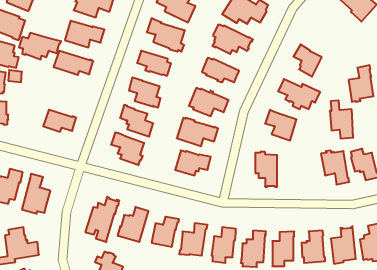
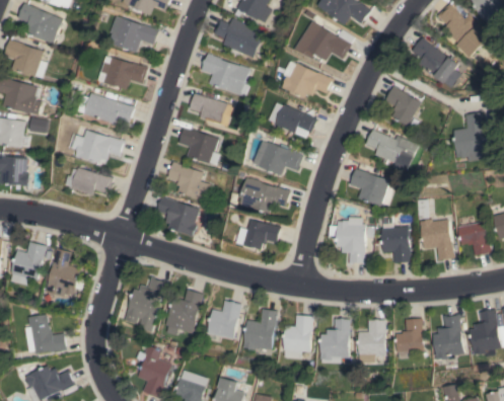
building: none -> [412,37,460,87]
building: [19,33,61,60] -> [72,130,125,163]
building: [330,100,353,138] -> [380,215,410,262]

